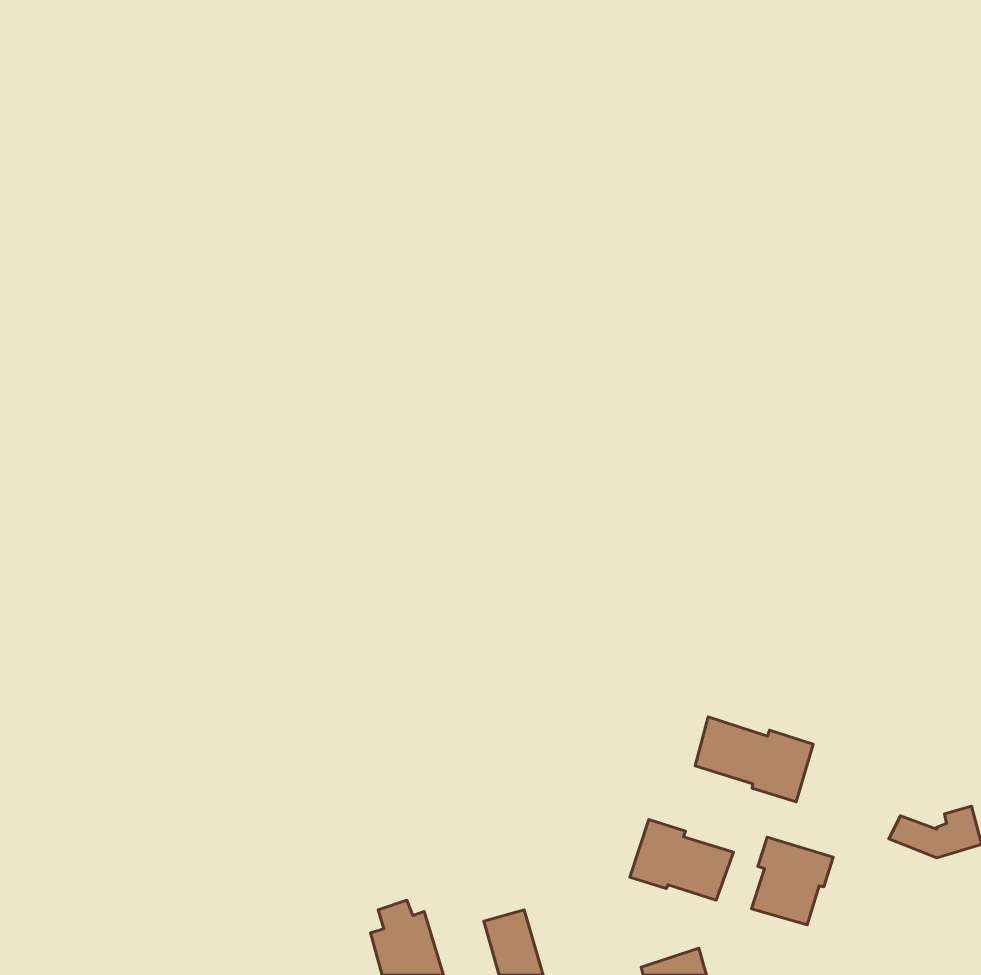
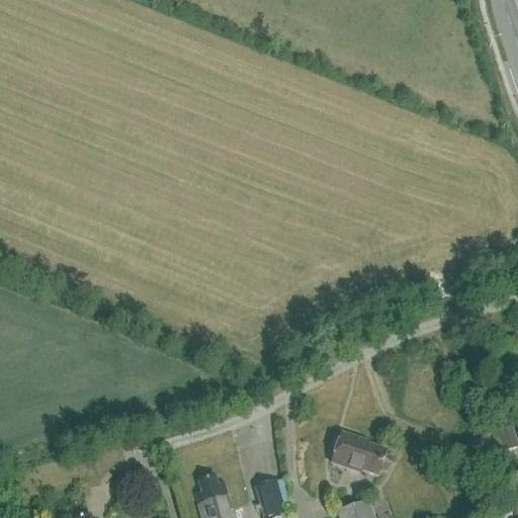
building: [695,717,813,802] -> none
building: [751,837,833,925] -> none

